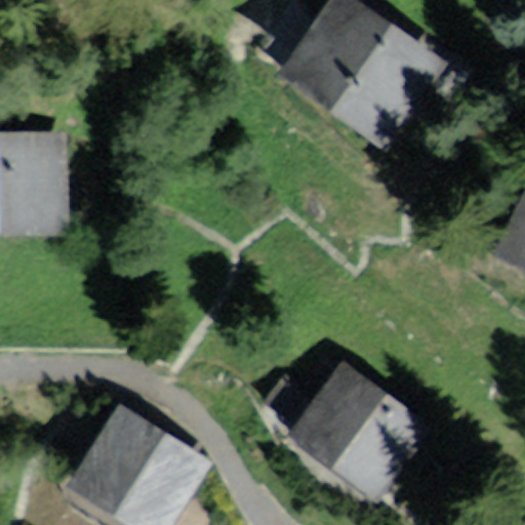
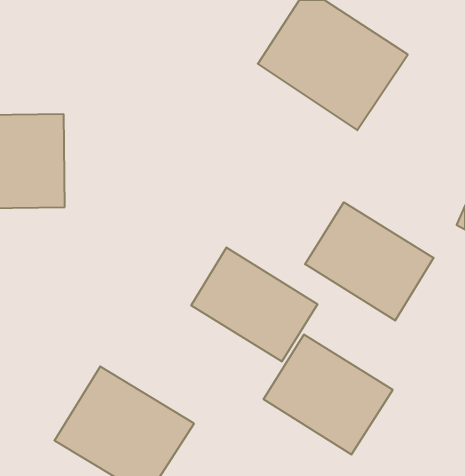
building: none -> [305,202,434,321]
building: none -> [191,247,317,362]

